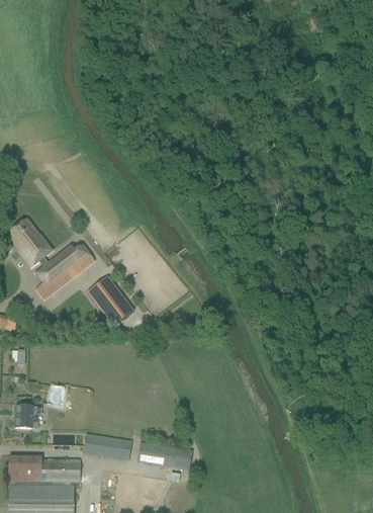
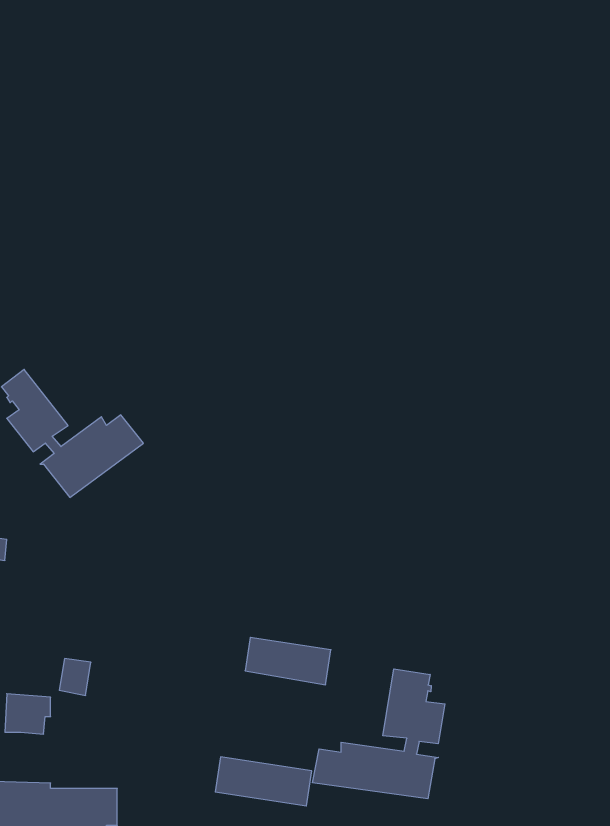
building: [87,275,133,326] -> none
building: none -> [313,669,445,799]
building: [82,433,131,460] -> [245,637,331,685]

